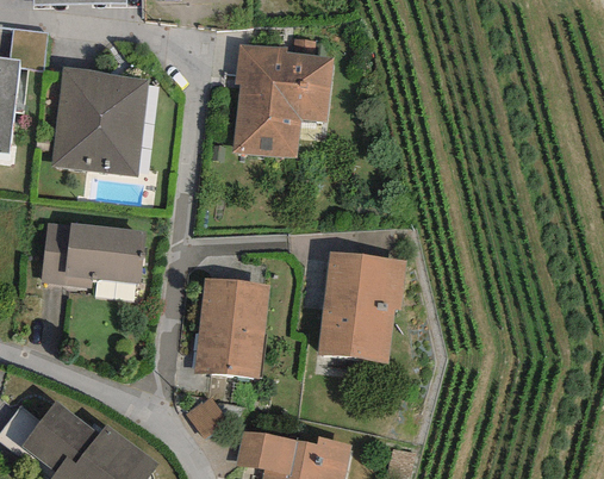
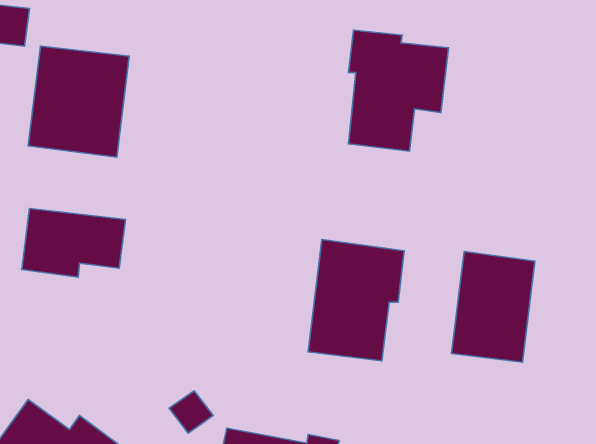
building: [237,42,332,157] -> [348,30,448,151]
building: none -> [452,251,535,362]
building: [193,279,269,378] -> none

